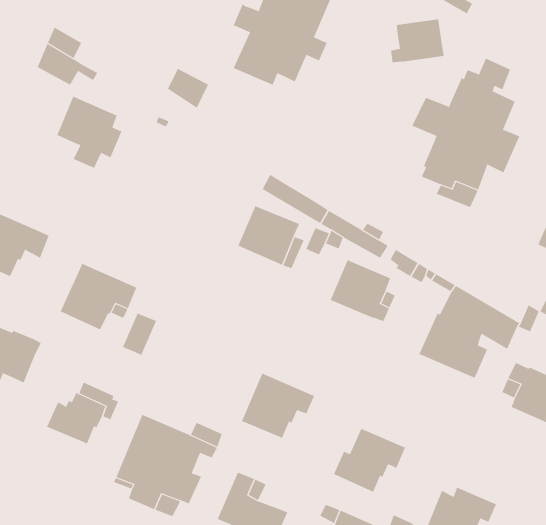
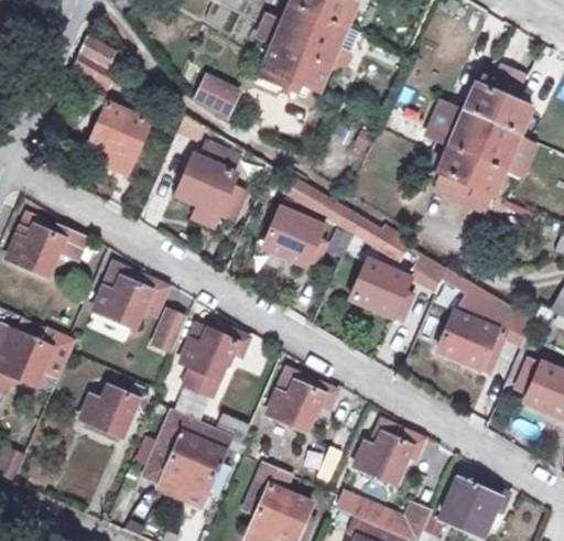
building: [390,19,444,63] -> none
building: none -> [176,142,246,226]
building: none -> [180,325,248,396]

